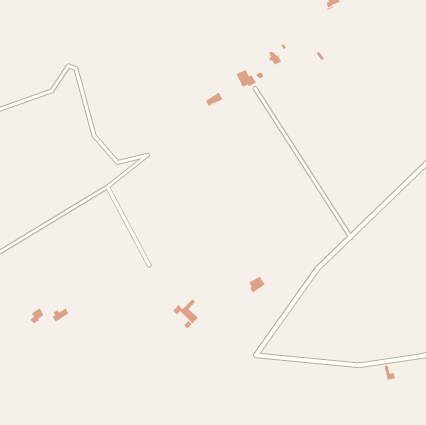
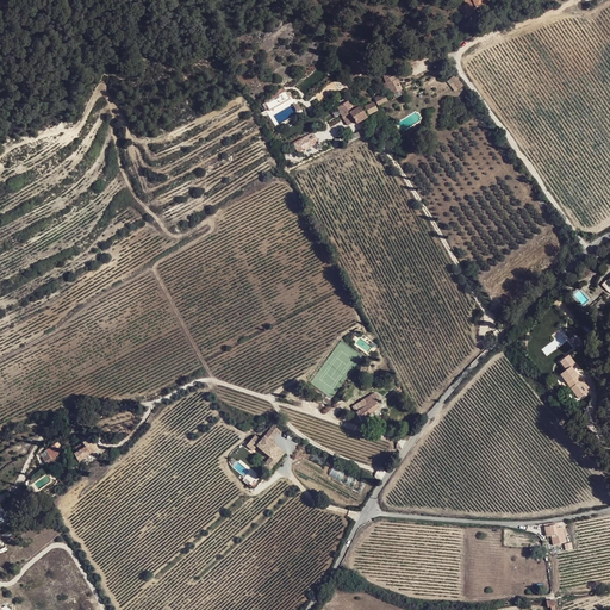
building: none -> [560,354,587,397]

